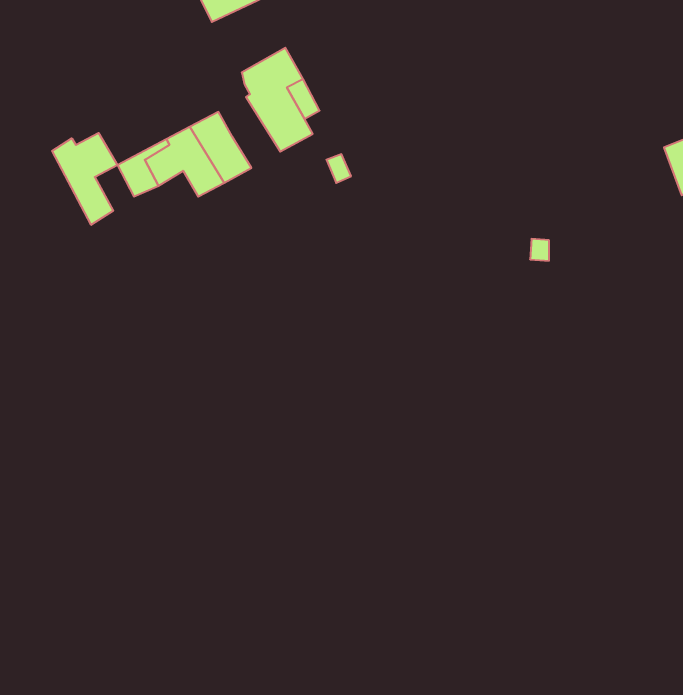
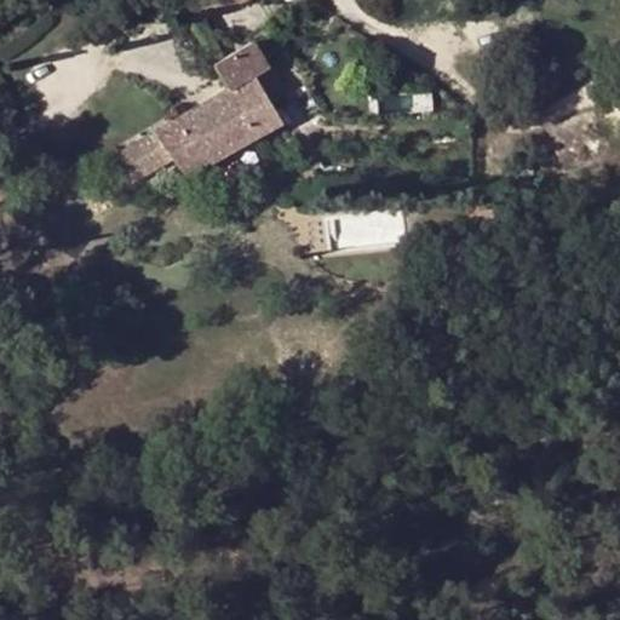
building: none -> [207,86,262,149]
building: [52,133,117,225] -> none

